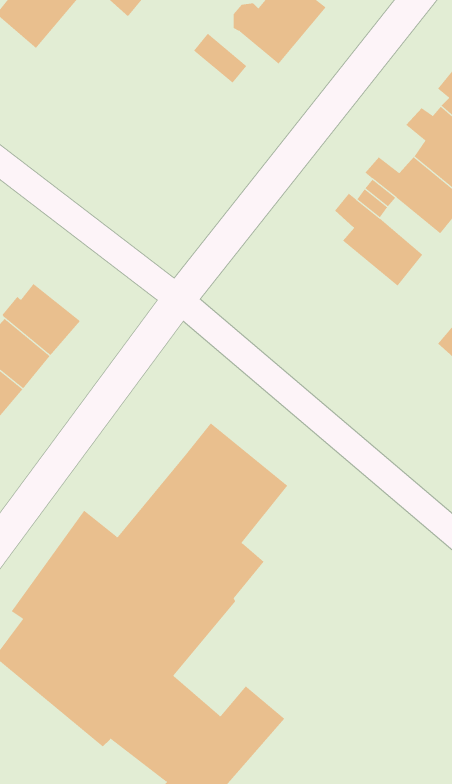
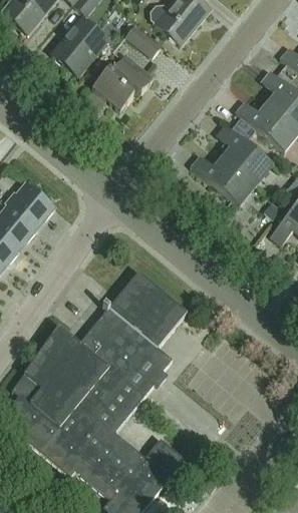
building: none -> [51,16,107,74]
building: none -> [91,56,154,110]
building: none -> [191,155,256,205]

